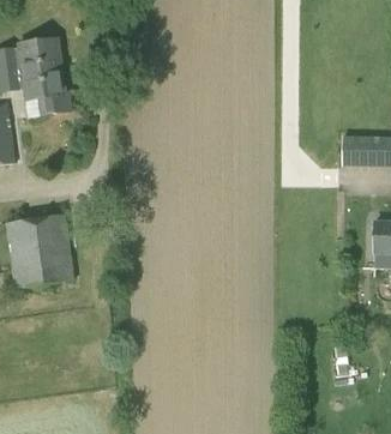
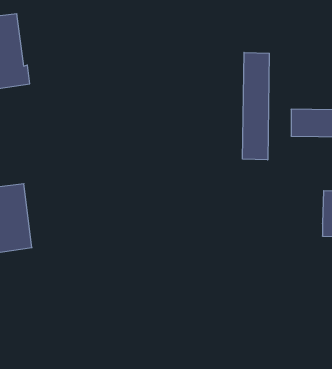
building: none -> [243,52,269,160]

